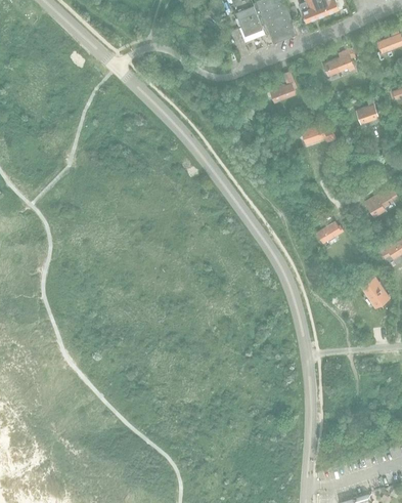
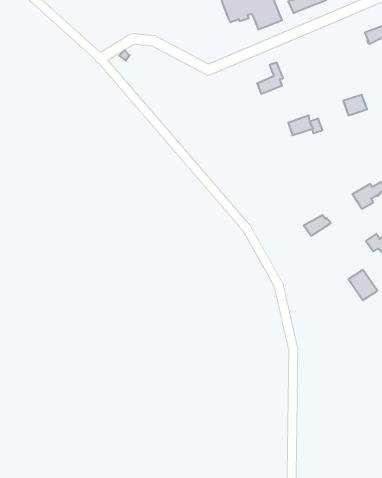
building: [326,48,354,75] -> none

